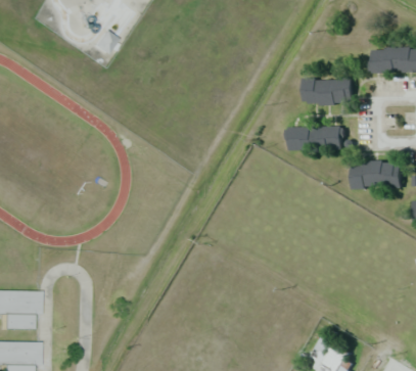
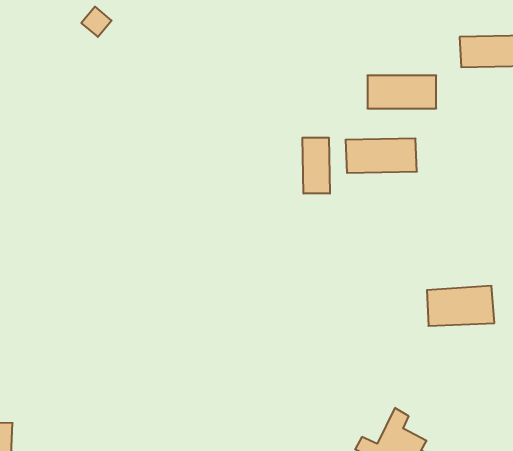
building: none -> [302,138,330,194]
building: [352,160,402,190] -> [427,286,494,326]

